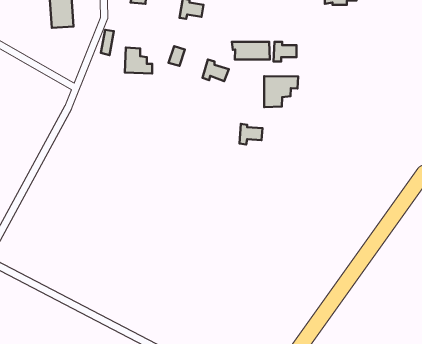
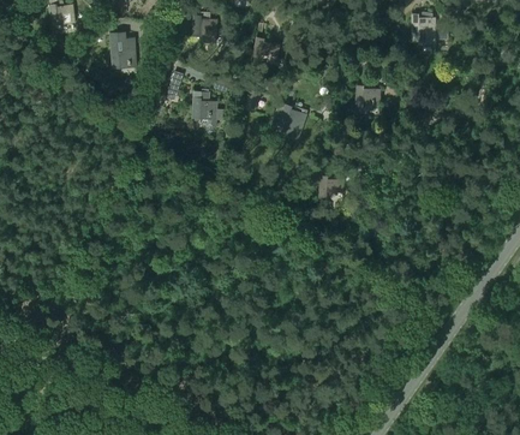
building: [232,42,270,60] -> none
building: [264,76,298,107] -> none

